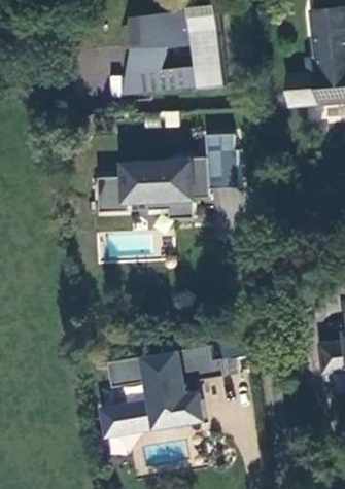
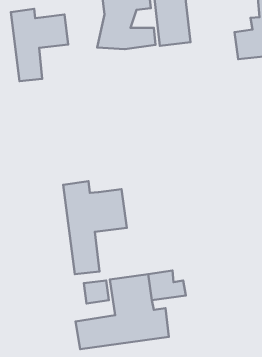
building: none -> [11,9,68,81]
building: [96,134,239,218] -> none
building: none -> [63,181,127,274]

